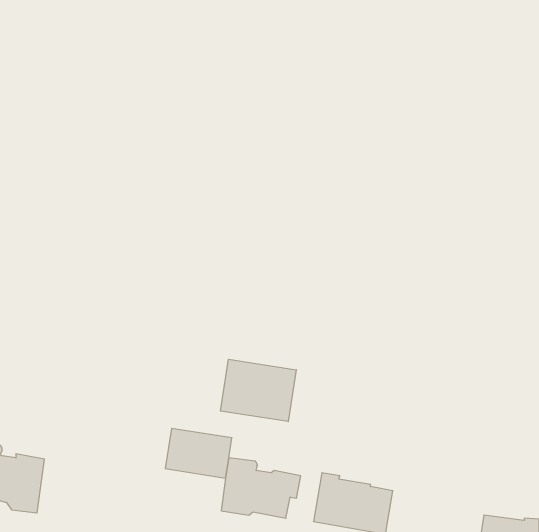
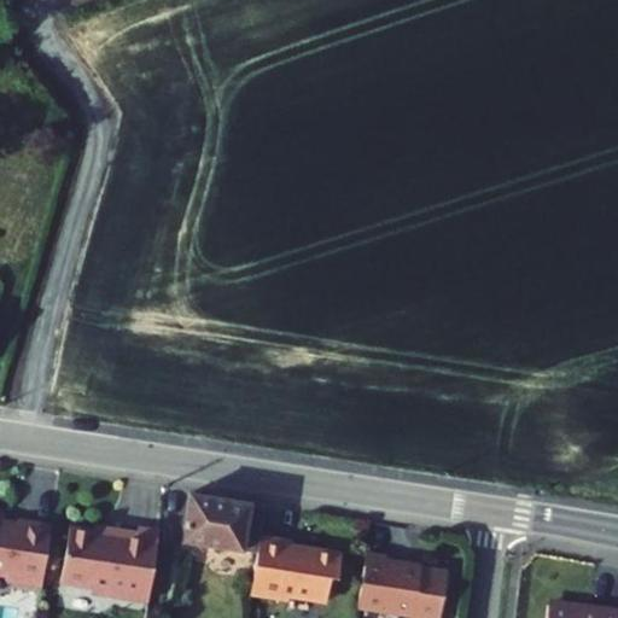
building: [220,359,296,422] -> none
building: none -> [60,532,158,606]

